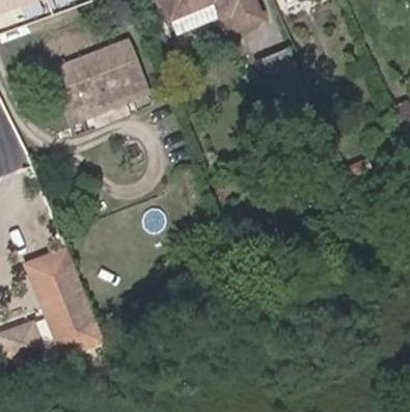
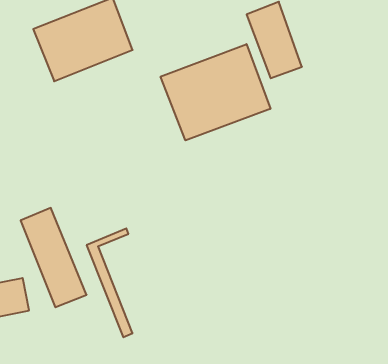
building: none -> [161,44,270,140]
building: [24,244,70,352] -> [87,228,133,337]

